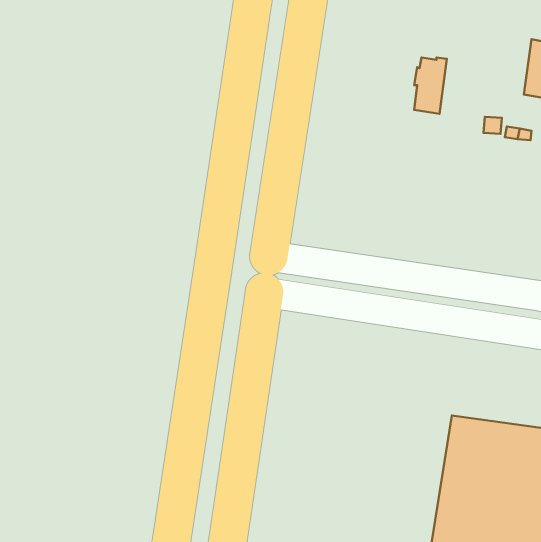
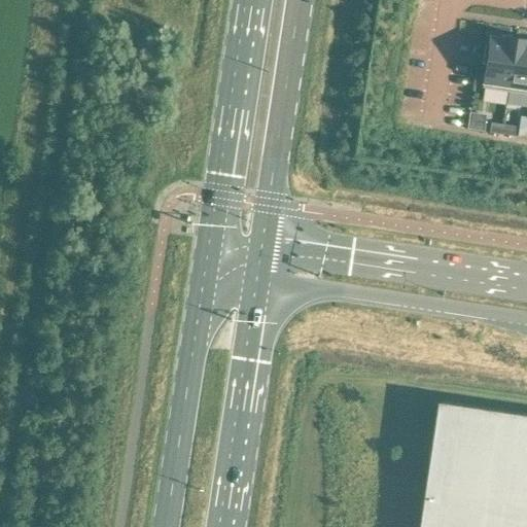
building: [414,58,447,114] -> [485,38,517,93]

